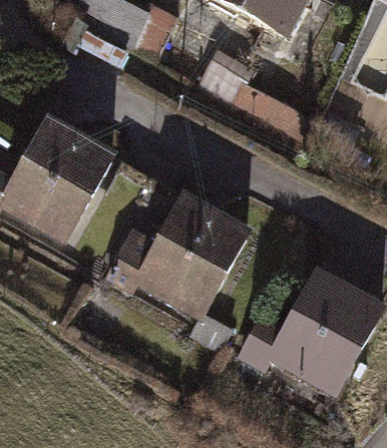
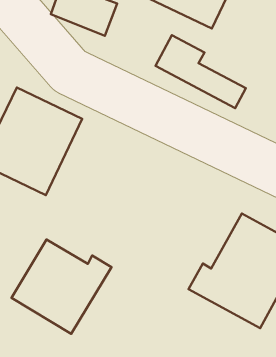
building: [118,185,252,322] -> none
building: none -> [11,240,111,334]

